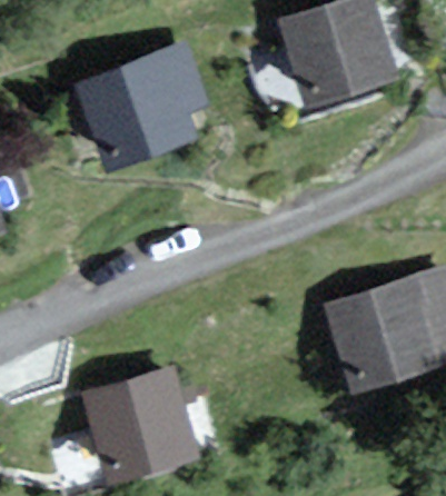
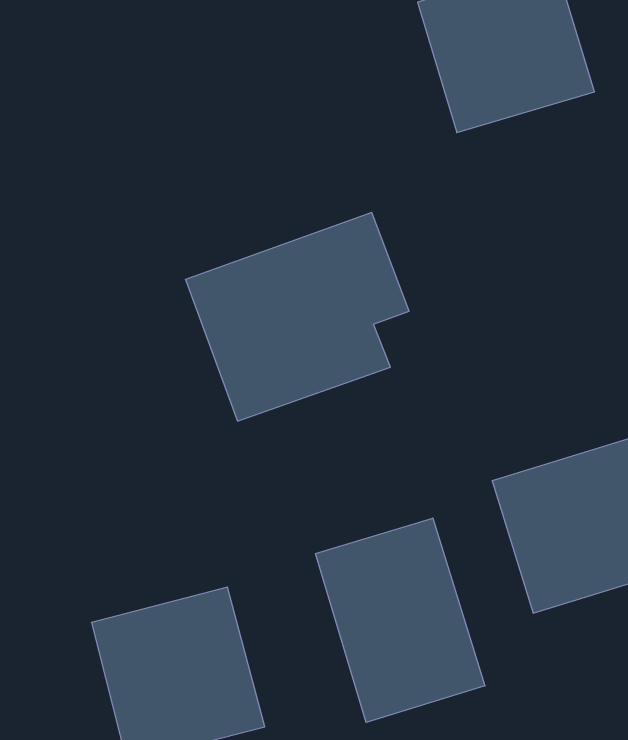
building: [76,43,209,168] -> [185,213,409,421]
building: none -> [315,518,485,722]

